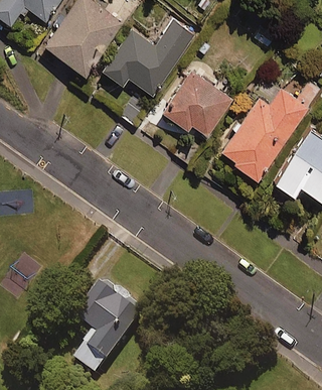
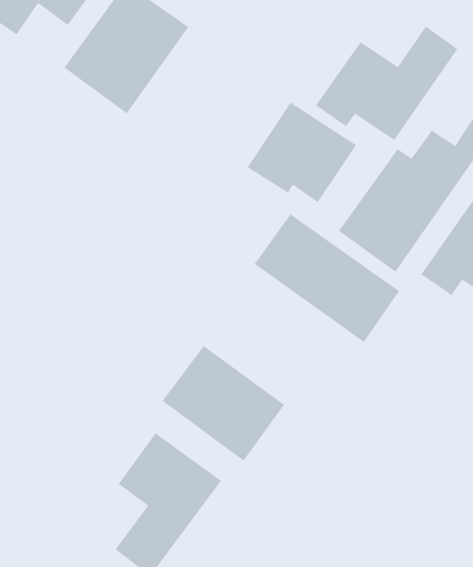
building: [102,21,194,96] -> [315,26,458,141]
building: none -> [254,214,400,343]
building: none -> [162,345,285,462]

